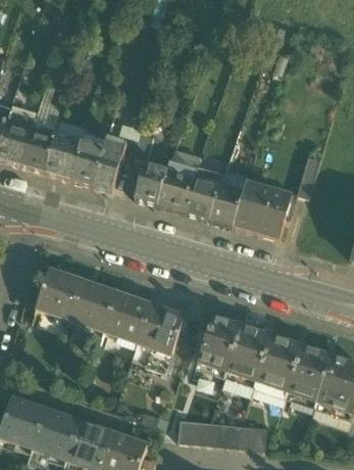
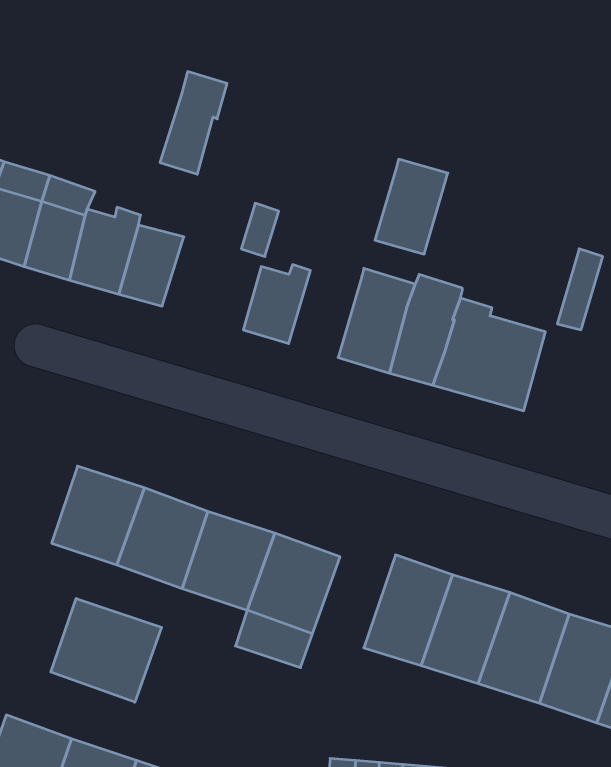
building: [92,138,127,191] -> [160,72,227,174]
building: [157,162,195,212] -> [375,159,448,254]
building: none -> [51,598,162,702]

